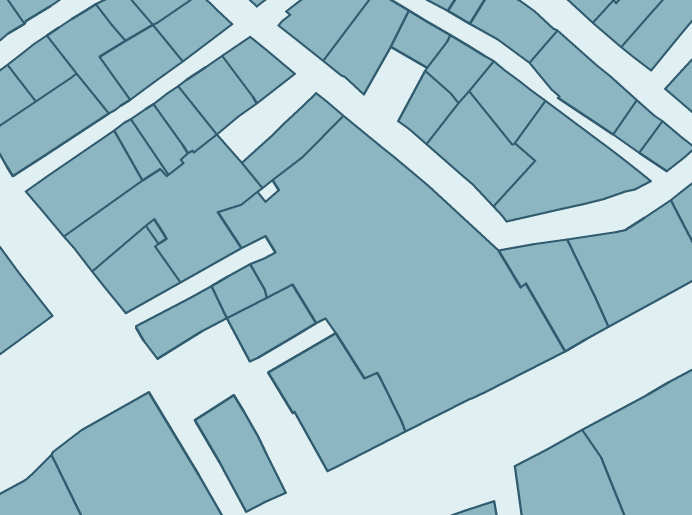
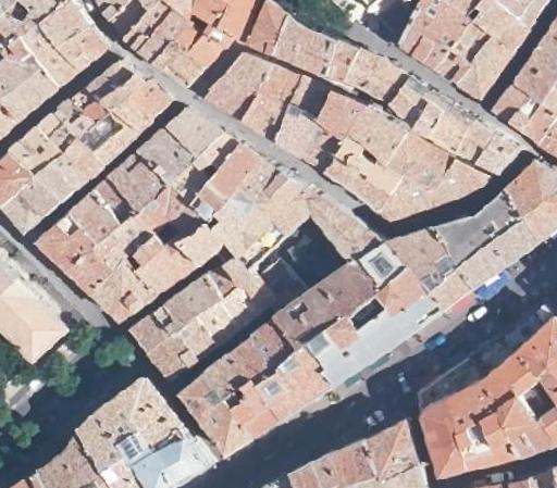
building: none -> [274,103,318,157]
building: none -> [171,132,239,201]
building: none -> [148,315,215,379]
building: none -> [207,351,282,437]

